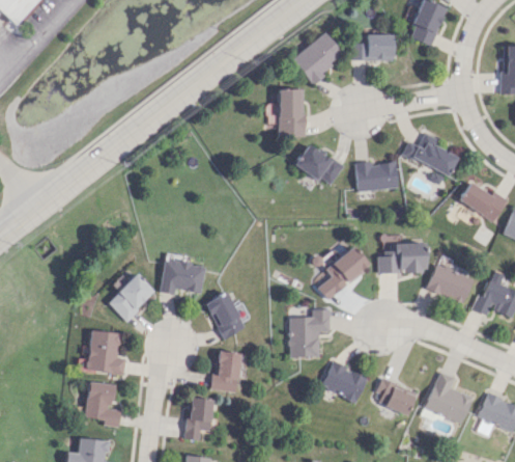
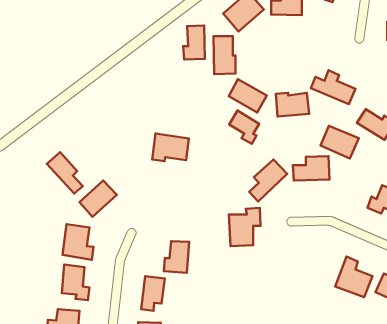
building: none -> [183,25,205,59]
building: none -> [229,110,259,144]
building: none -> [47,152,83,194]
building: [159,259,205,294] -> [152,134,189,161]
building: [426,263,475,304] -> [321,126,359,158]
building: [208,291,248,339] -> none
building: [330,361,375,401] -> none
building: [383,379,423,414] -> none

